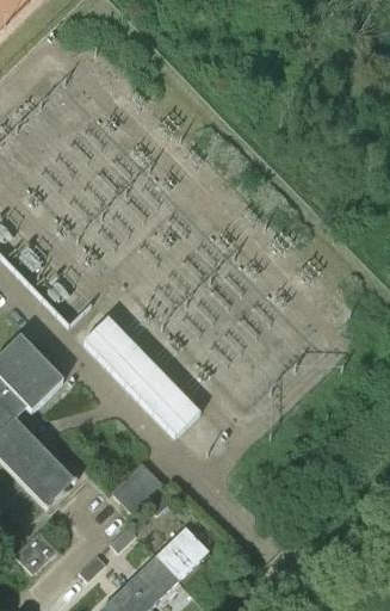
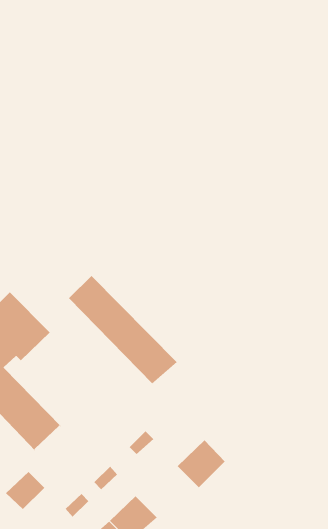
building: [112,461,165,513] -> none
building: [156,527,209,580] -> [177,440,225,488]

